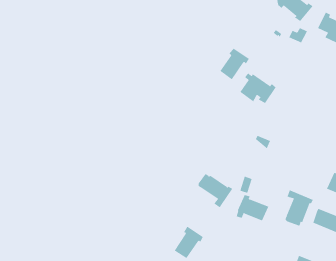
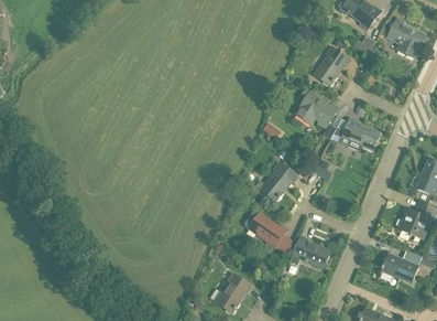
building: [219,48,250,80] -> [314,45,350,84]
building: none -> [339,117,380,150]
building: none -> [260,161,297,201]
building: [285,190,314,227] -> none

